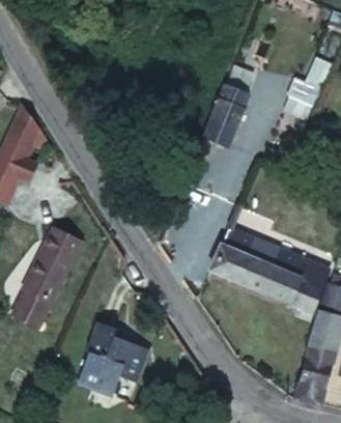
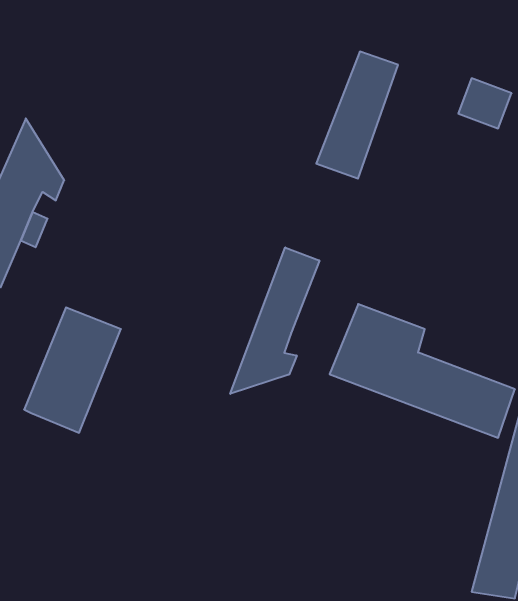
building: none -> [230,247,319,394]
building: [12,290,54,330] -> none
building: [73,323,146,394] -> none

